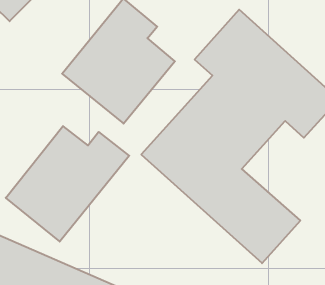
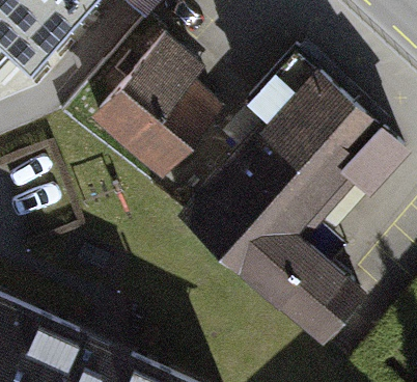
building: [6,126,129,242] -> none

